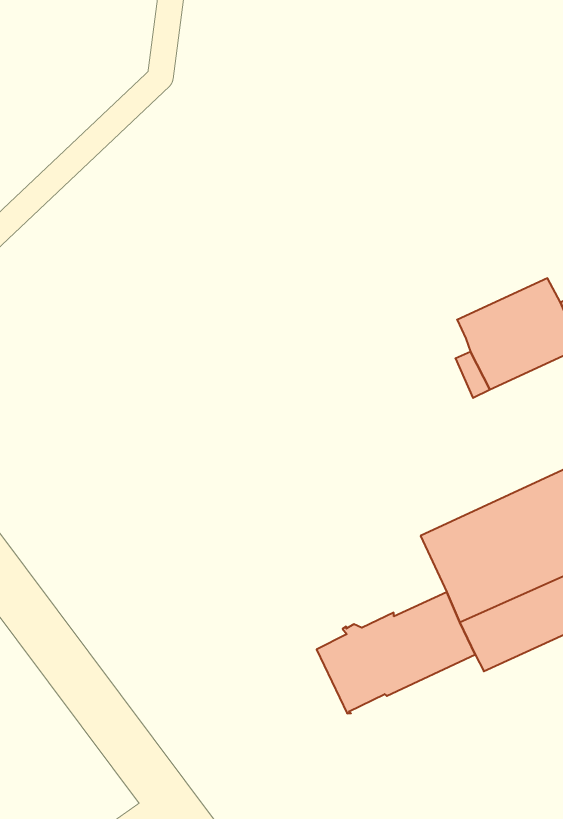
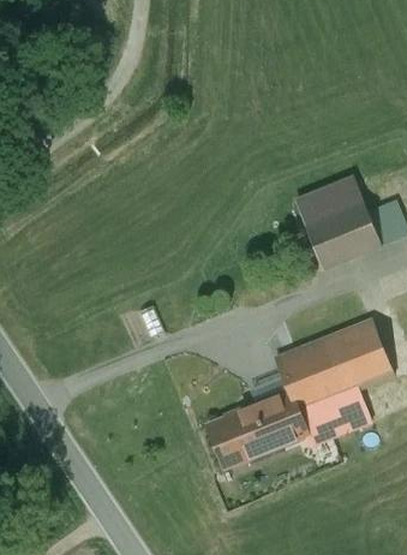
building: none -> [294,177,361,223]

